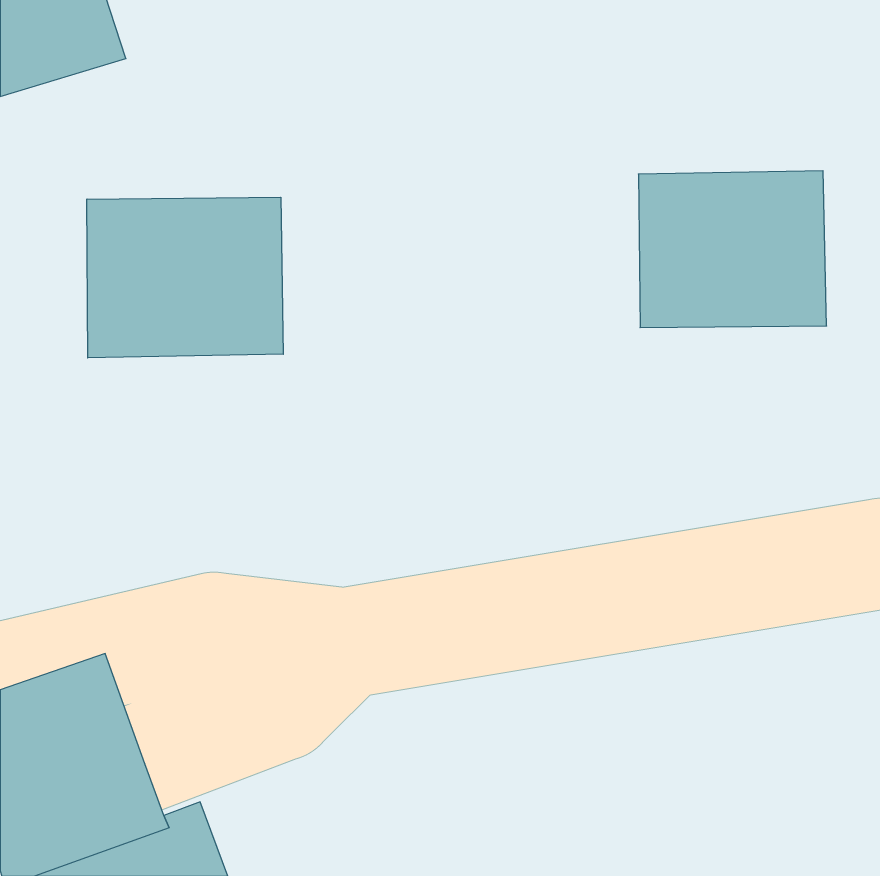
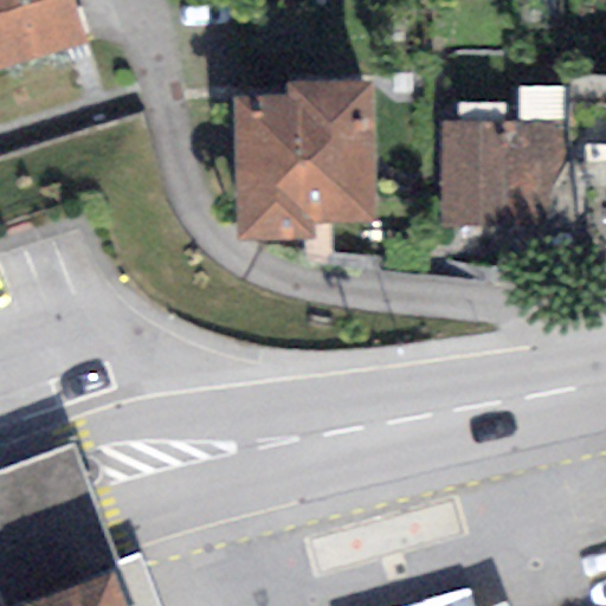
building: none -> [233,77,373,239]
building: [87,197,283,358] -> none

